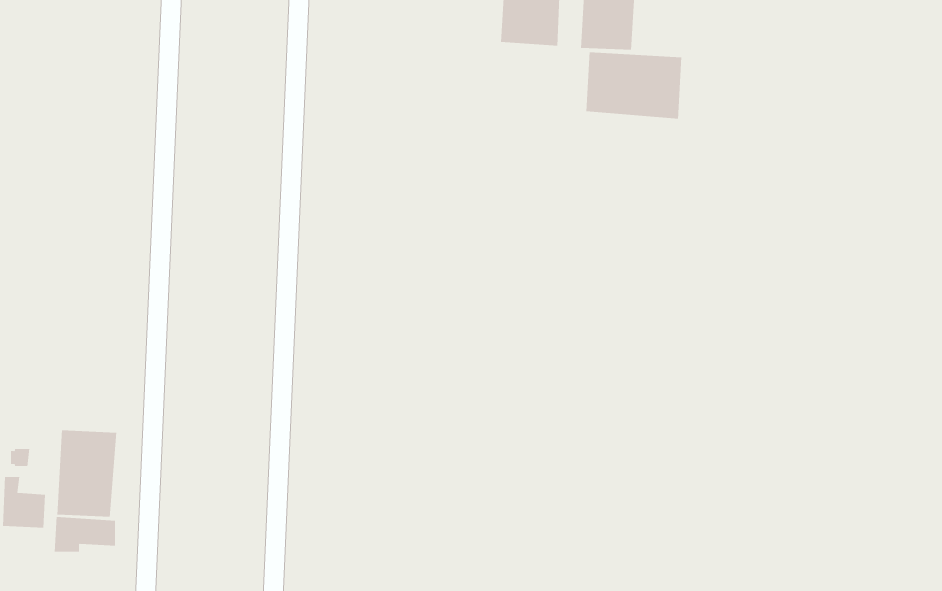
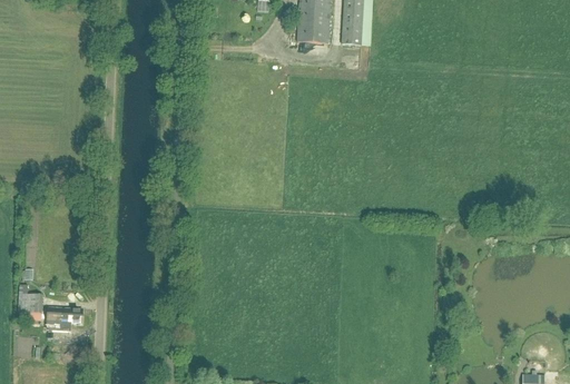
building: [586,51,682,120] -> none
building: [57,429,117,517] -> none

